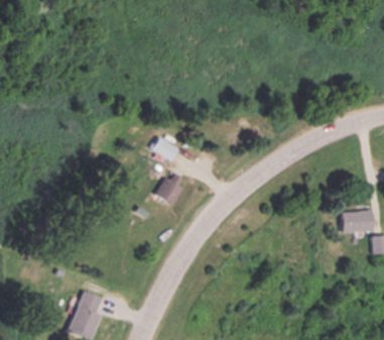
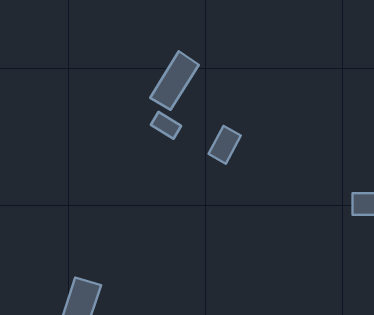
building: none -> [150,51,199,110]
building: [156,169,186,205] -> [208,126,241,164]

